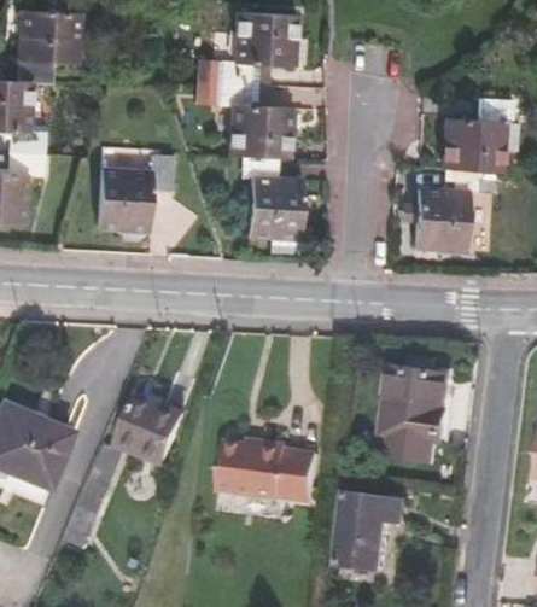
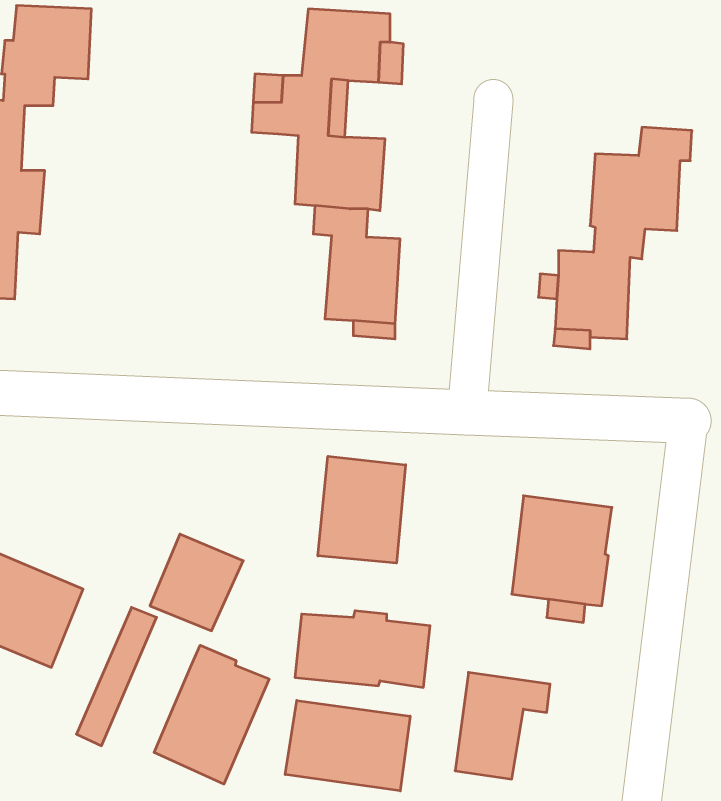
building: [97,154,171,229] -> none
building: none -> [318,456,406,563]
building: none -> [154,645,269,784]
building: none -> [285,700,410,791]

